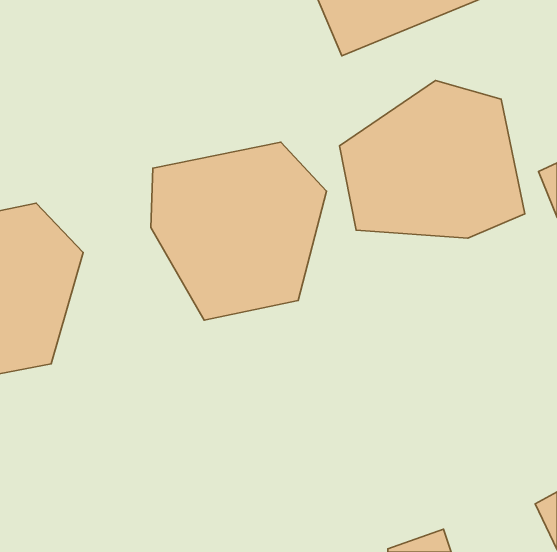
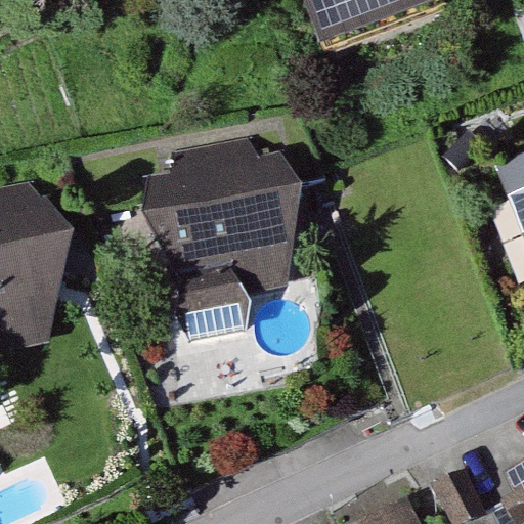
building: [339,81,525,238] -> none

